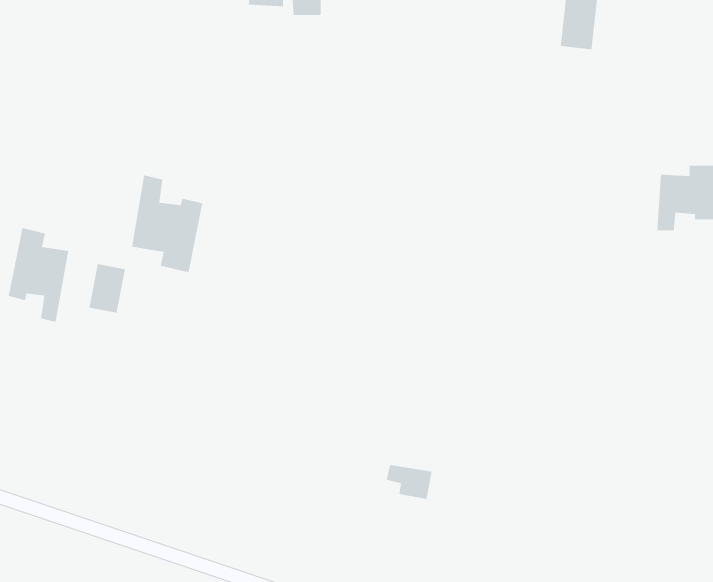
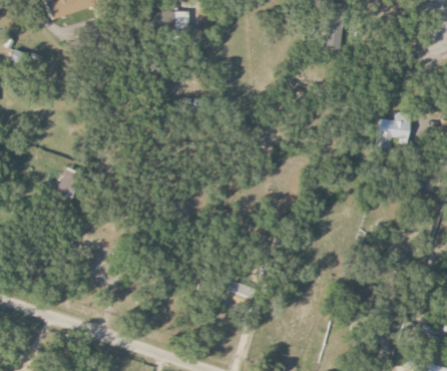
building: [131,174,203,273] -> none
building: [8,227,69,323] -> none

